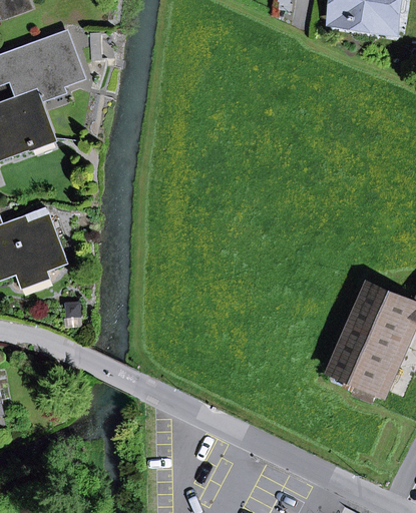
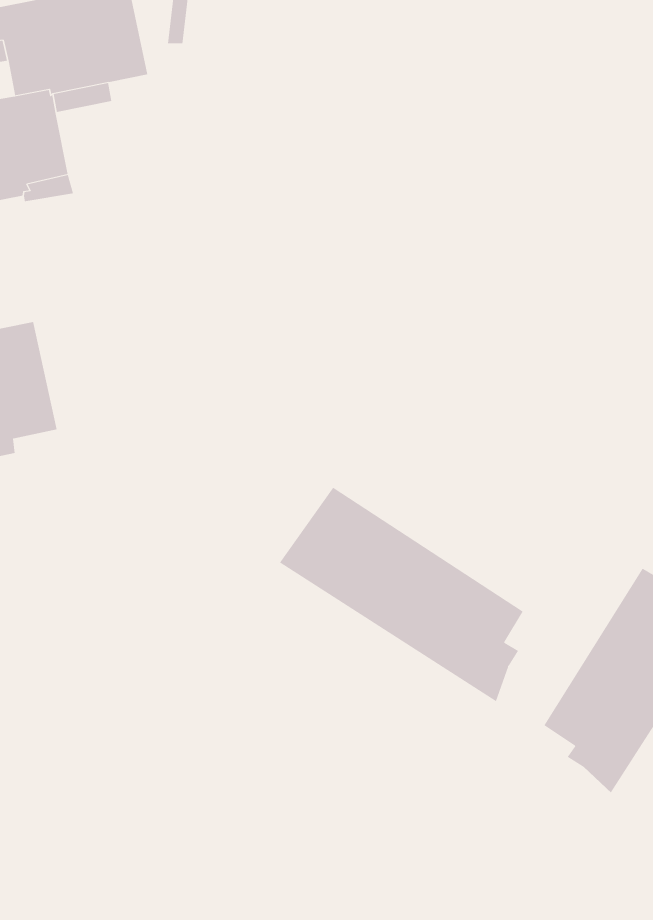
building: none -> [279,487,524,702]

